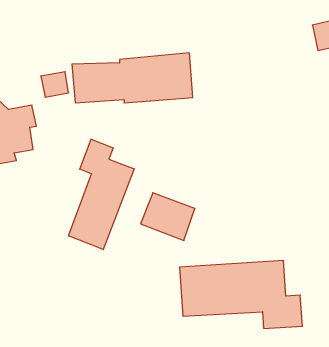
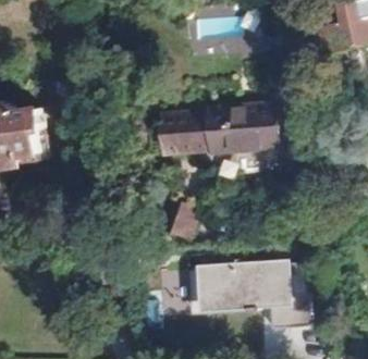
building: [72,53,193,103] -> [163,102,282,151]
building: [68,139,134,250] -> none

